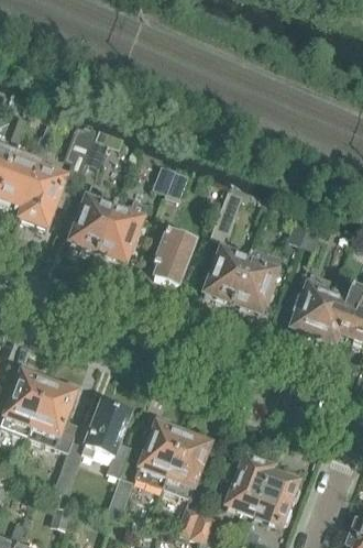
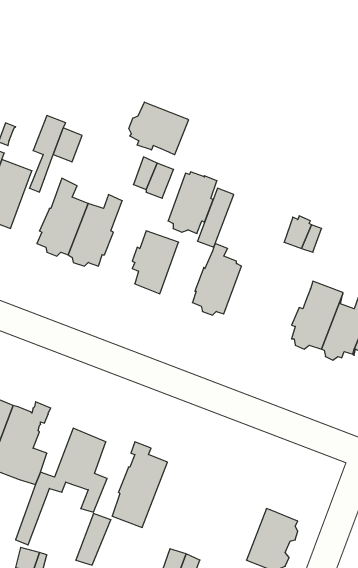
building: none -> [129,102,188,155]
building: [233,259,276,313] -> [168,172,217,234]
building: [162,431,213,498] -> none
building: [226,458,271,517] -> none

